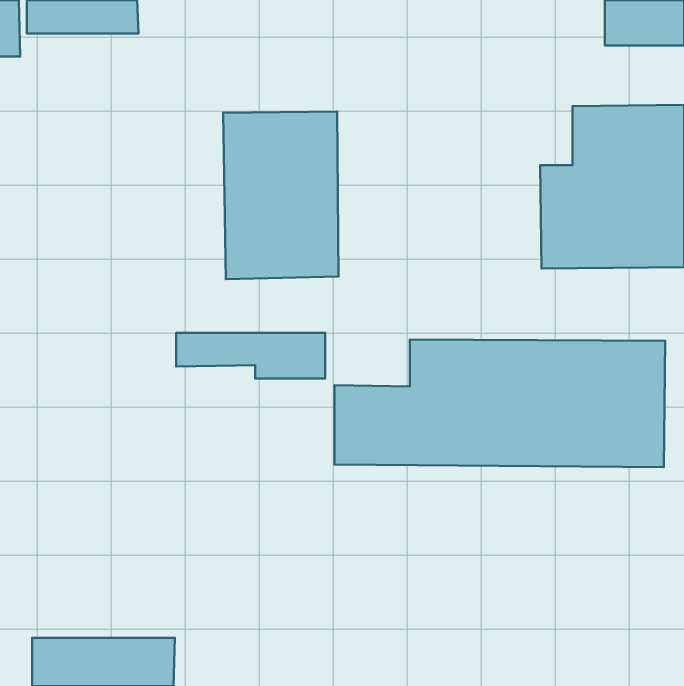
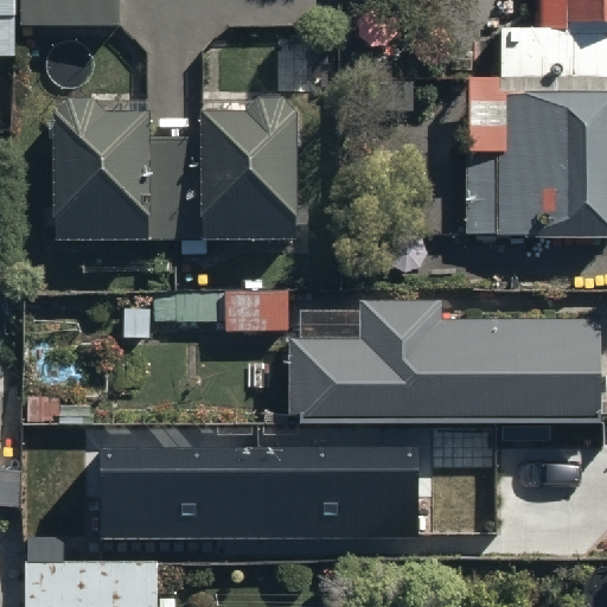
building: none -> [46,110,180,247]
building: none -> [100,449,416,537]

